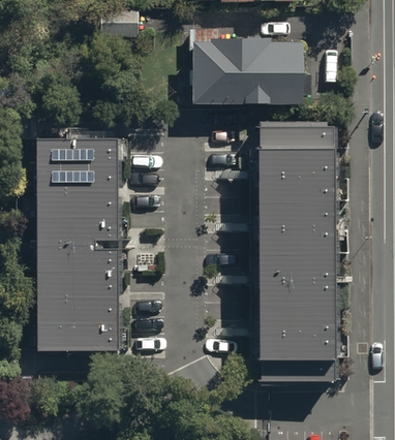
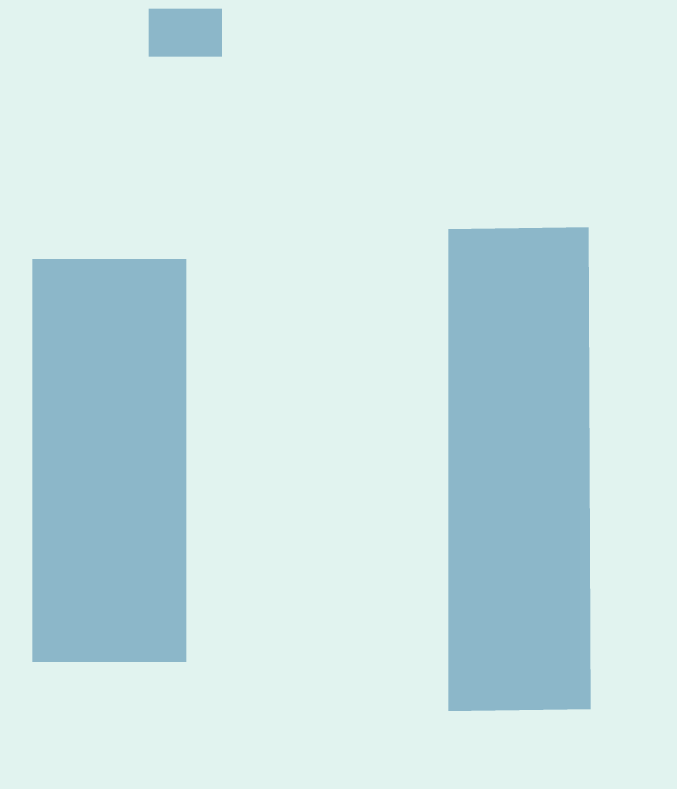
building: [192,25,301,103] -> none

